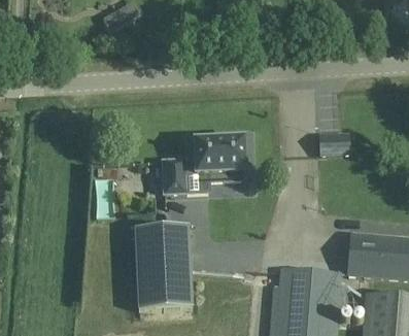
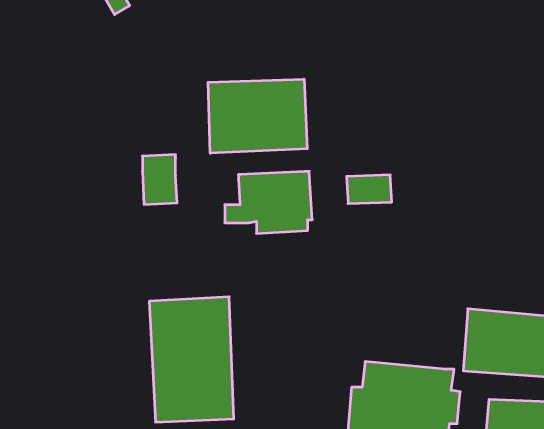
building: none -> [208,79,307,153]
building: [319,134,350,154] -> [347,175,392,204]
building: [164,160,188,194] -> [142,155,177,204]

